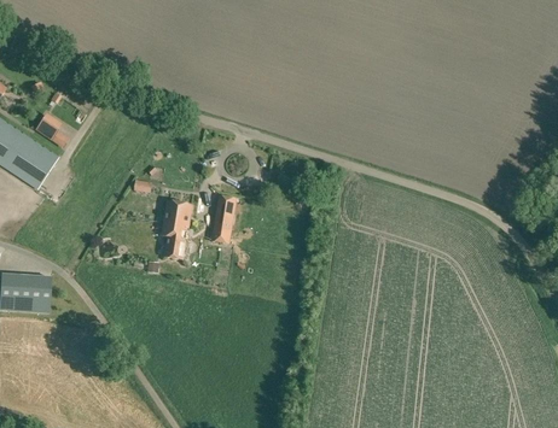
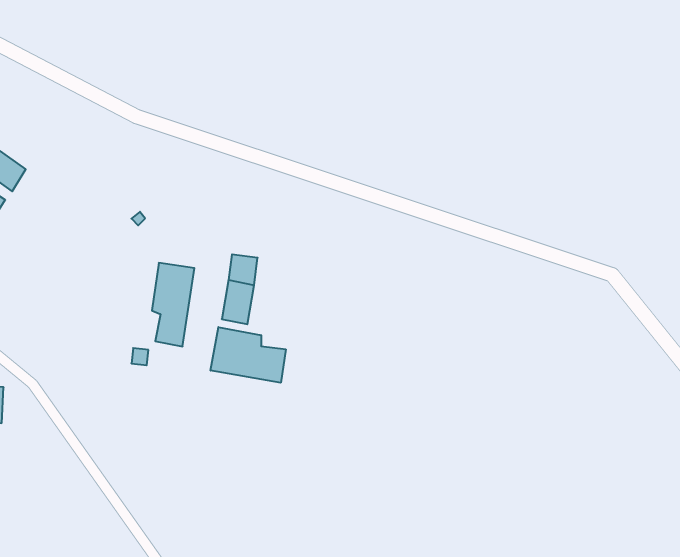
building: none -> [211,327,286,383]

